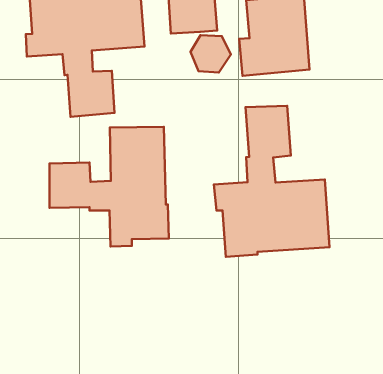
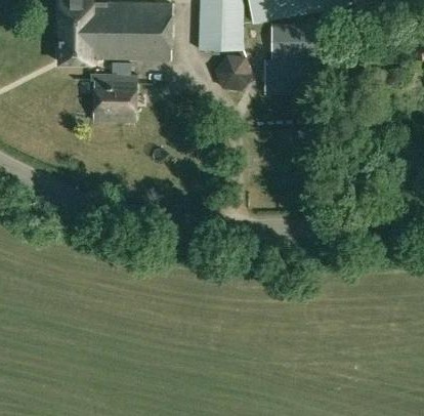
building: [214,106,330,257] -> none
building: [50,127,169,247] -> none

